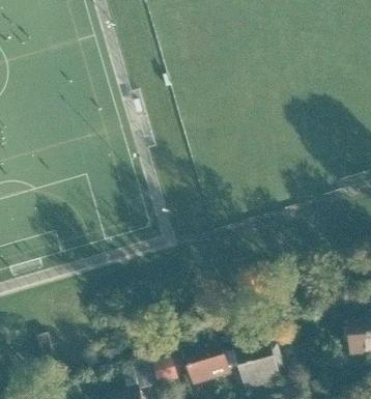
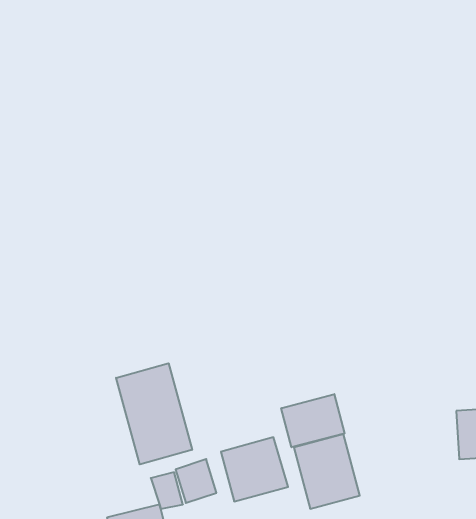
building: none -> [116,363,192,464]
building: none -> [281,394,345,447]

